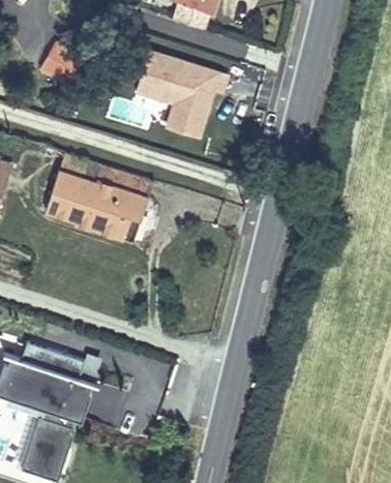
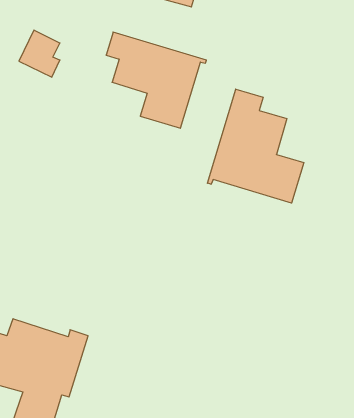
building: none -> [207,89,304,203]
building: [43,156,148,243] -> none

